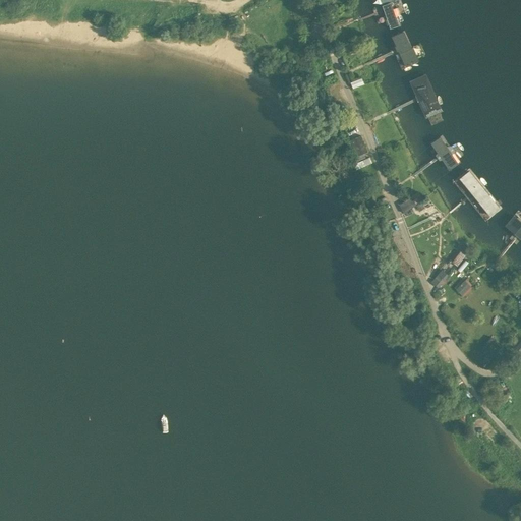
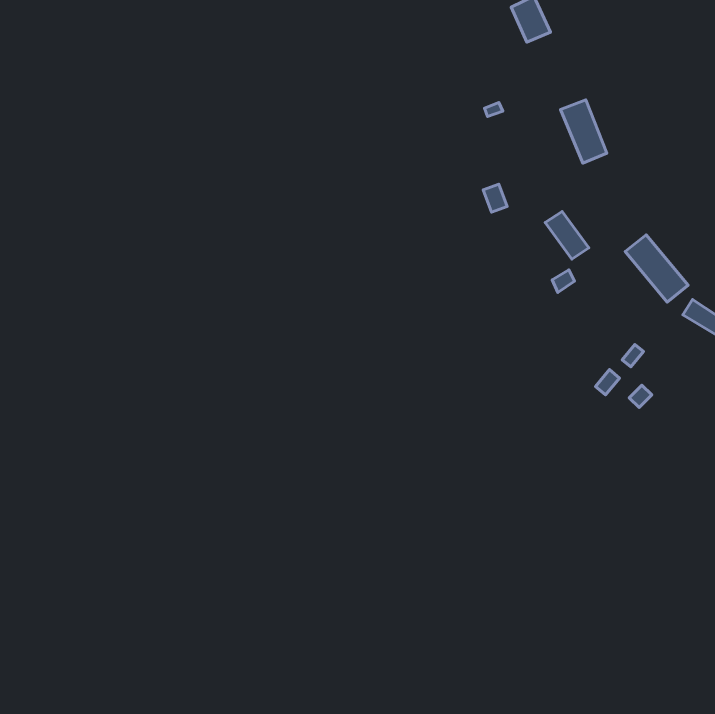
building: [390,27,421,69] -> none
building: [429,134,461,169] -> [545,211,589,259]

